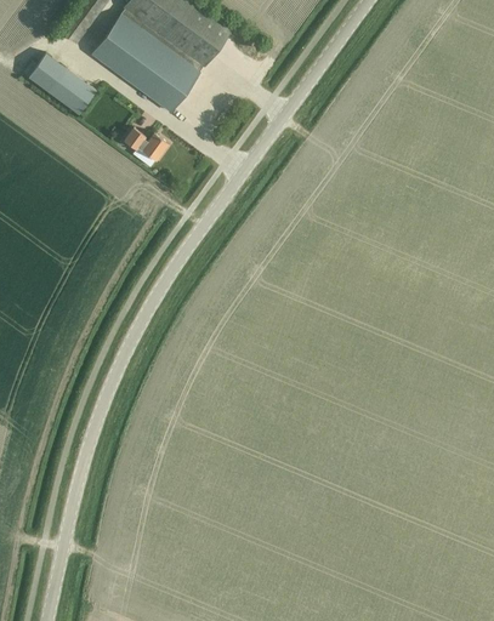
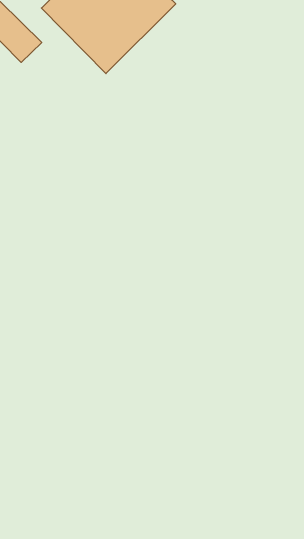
building: [125,130,169,161] -> none

